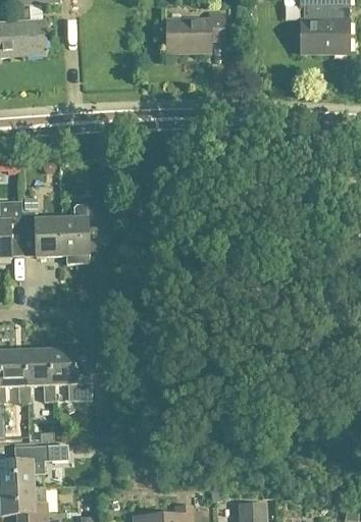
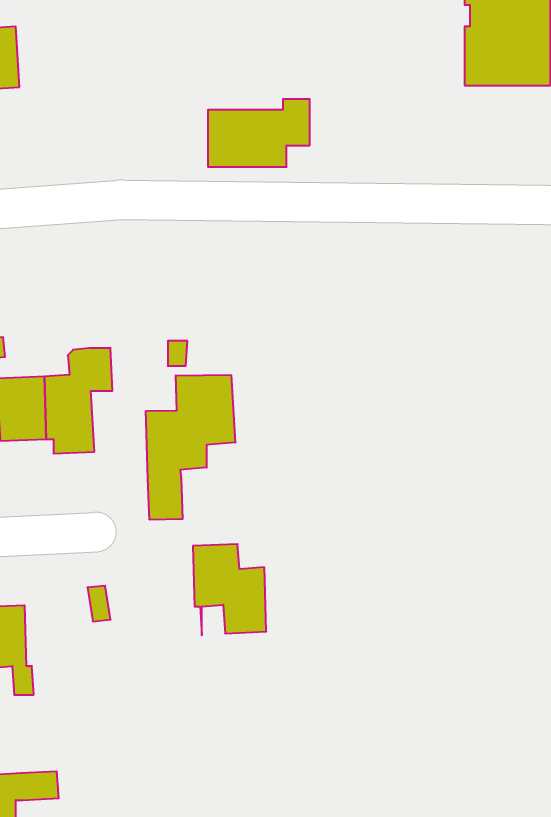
building: [166,12,224,51] -> [208,99,310,167]
building: none -> [146,375,235,520]
building: [49,348,91,400] -> [193,544,266,635]

